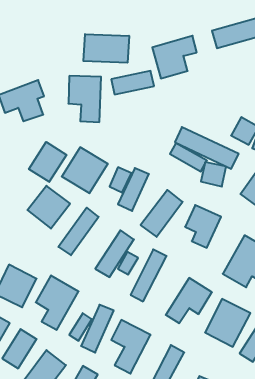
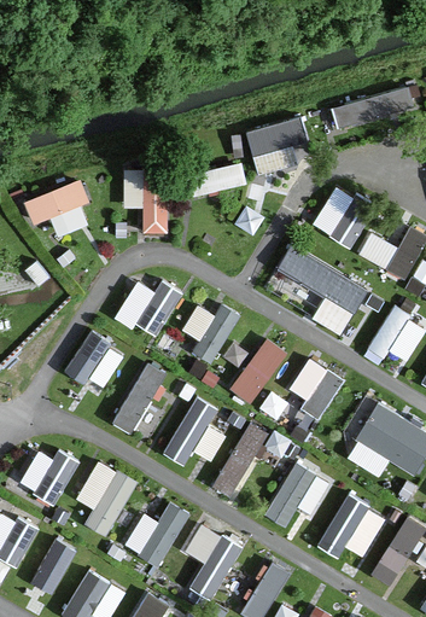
building: [83,34,129,63] -> none
building: none -> [310,185,375,251]
building: [29,142,66,182] -> none

